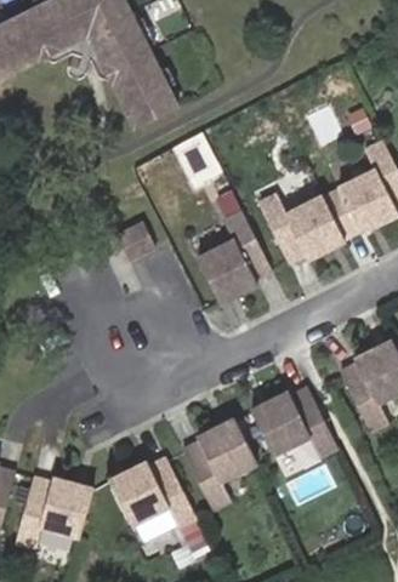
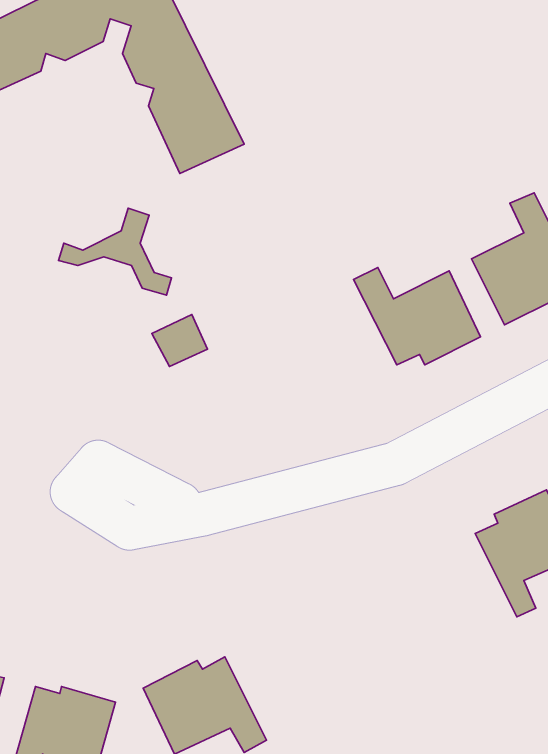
building: [38,17,116,78] -> [59,208,172,295]
building: [199,206,272,299] -> none
building: [250,393,335,461] -> none
building: [183,422,256,513] -> none

